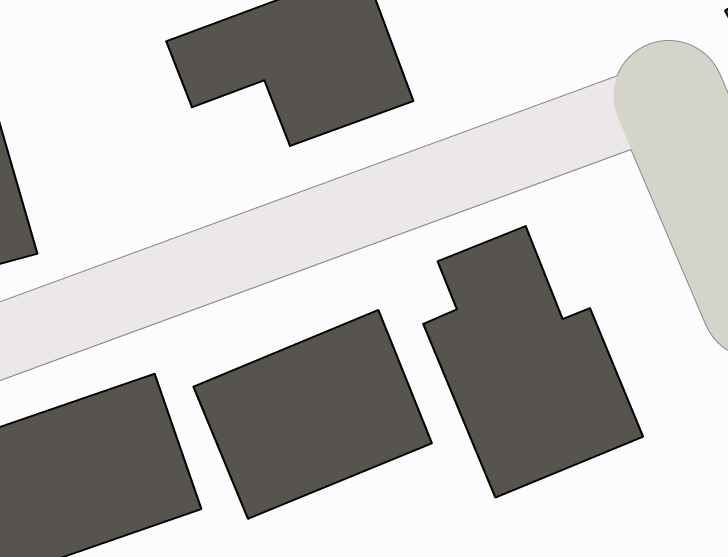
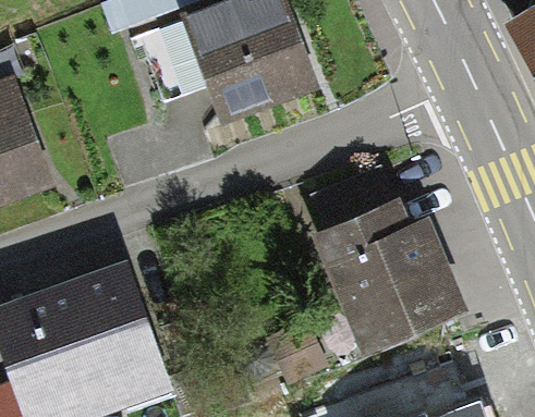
building: [194,310,432,519] -> none

